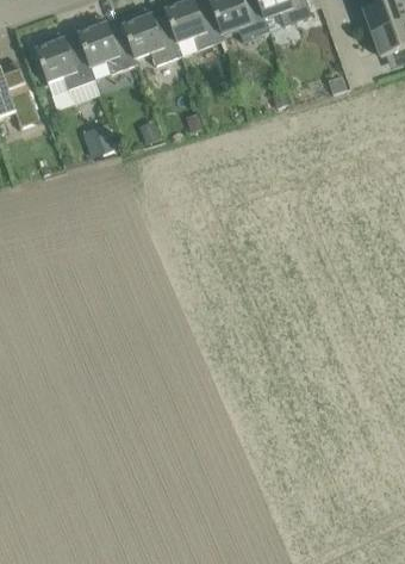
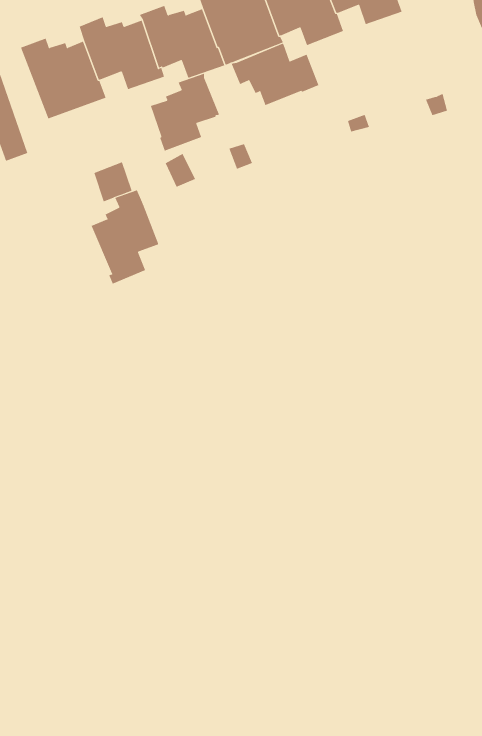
building: none -> [231,43,319,106]
building: none -> [150,73,220,152]
building: none -> [91,189,159,284]

